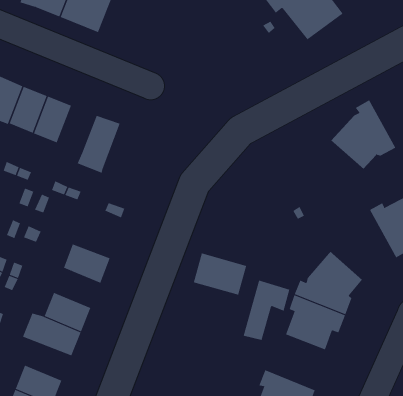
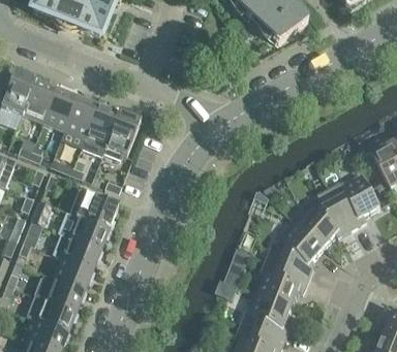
building: [331,99,396,170] -> [298,185,354,245]
building: none -> [65,96,98,136]
building: none -> [104,111,141,157]
building: none -> [71,184,119,226]
building: [193,253,247,296] -> none
building: none -> [62,234,102,268]
building: none -> [242,291,294,339]
building: none -> [27,293,78,330]

